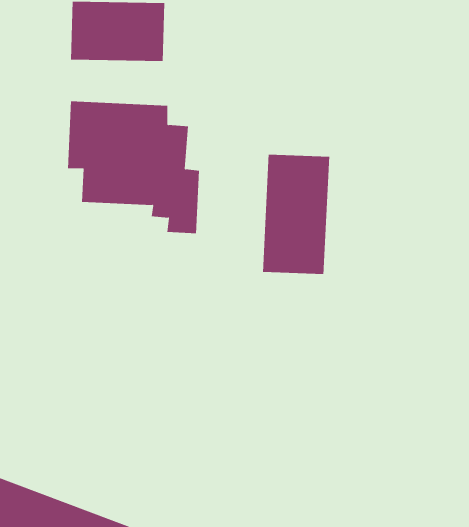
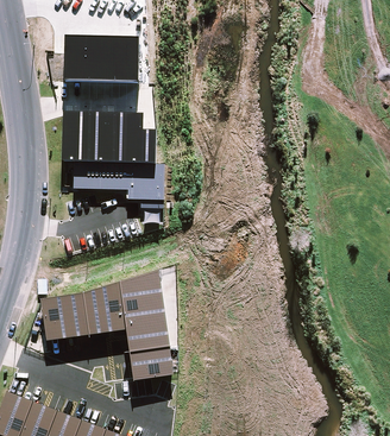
building: [262,154,330,275] -> none
building: none -> [37,280,169,379]

